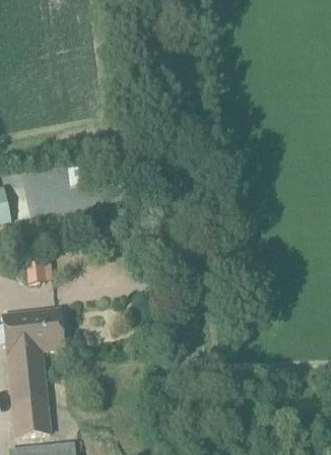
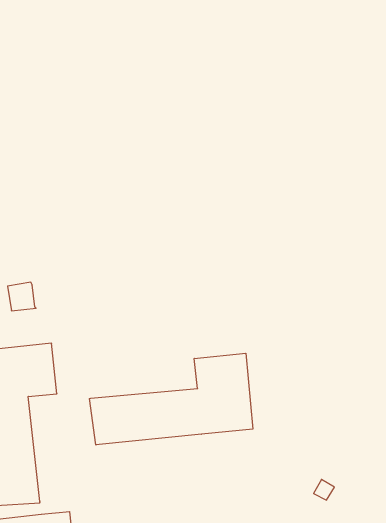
building: none -> [89,353,253,445]

